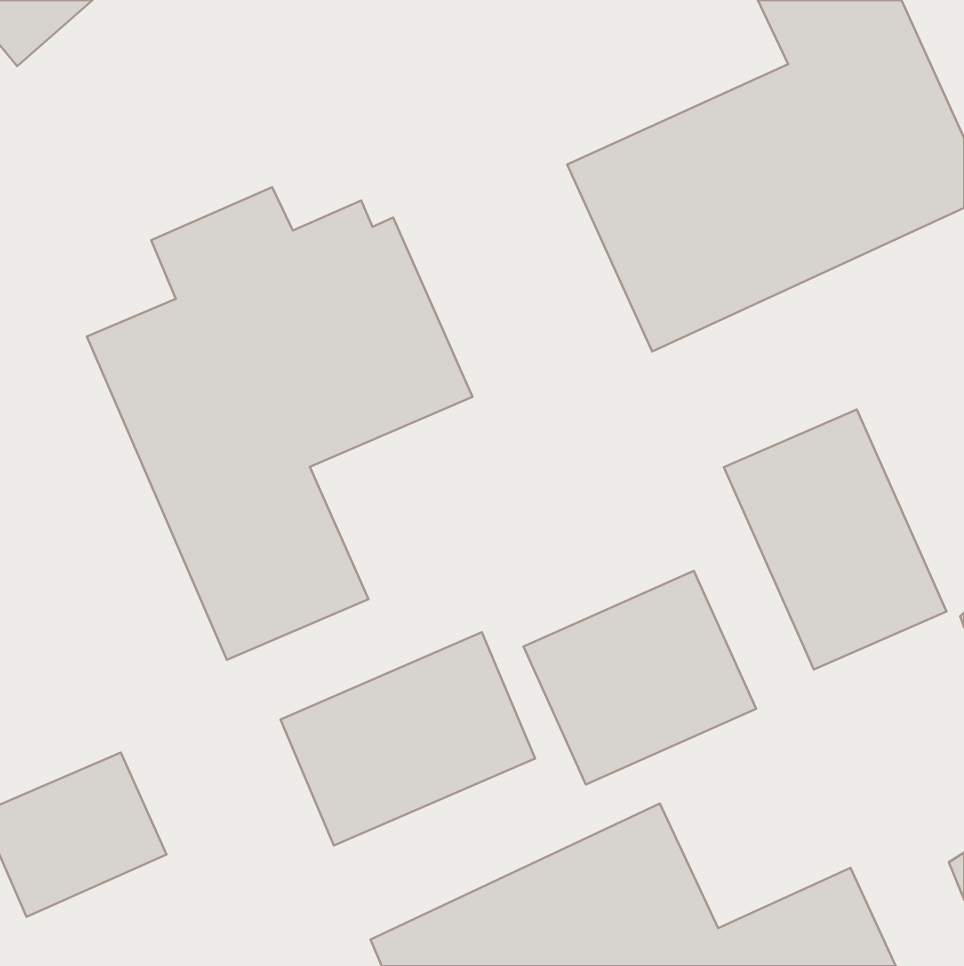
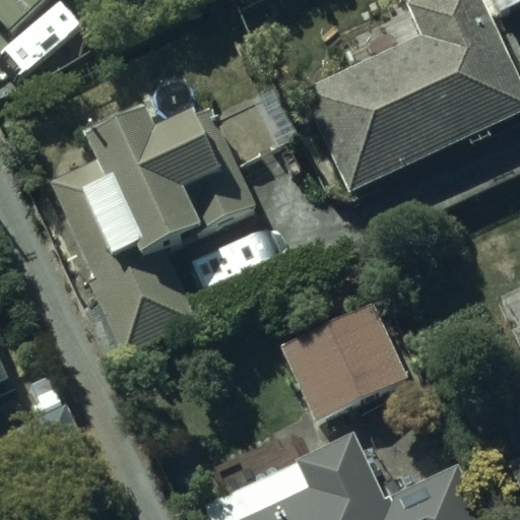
building: [724,409,947,669] -> none
building: [280,632,535,846] -> none

